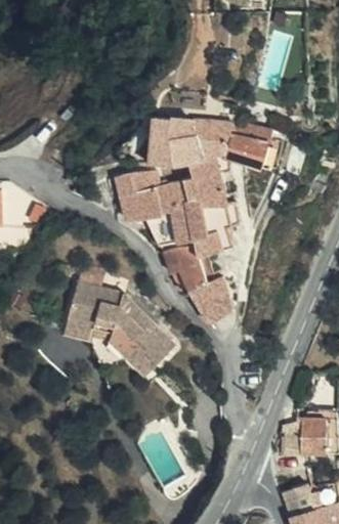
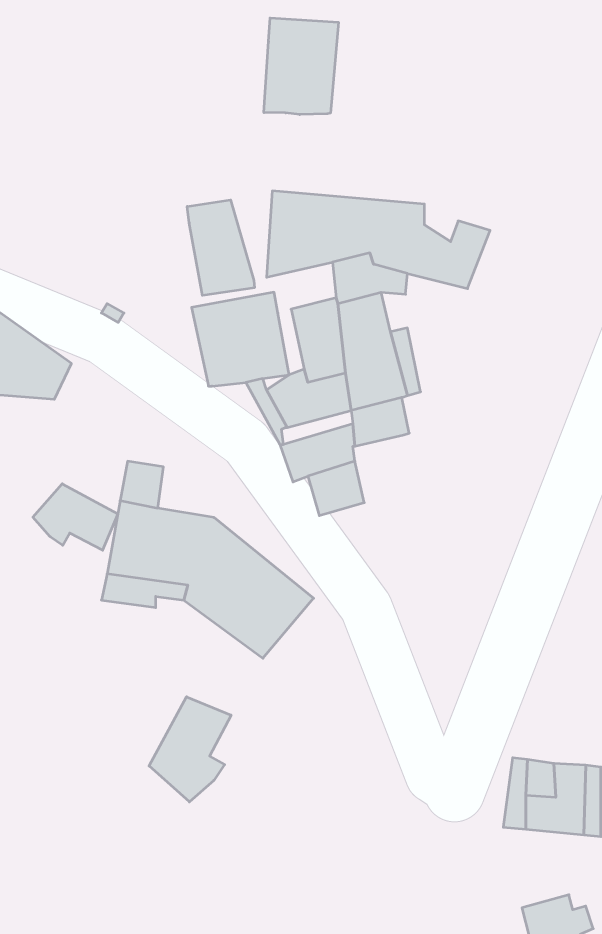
building: none -> [264,18,338,115]
building: none -> [187,200,254,295]
building: none -> [33,484,118,550]
building: [178,278,224,322] -> none
building: none -> [149,697,231,802]

